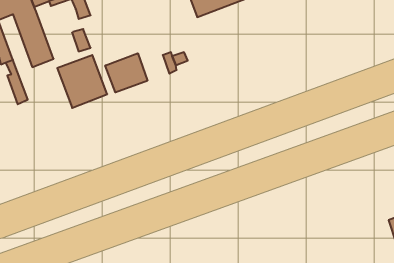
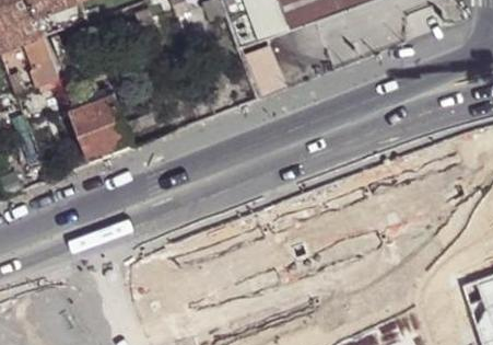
building: [105,53,147,92] -> none

